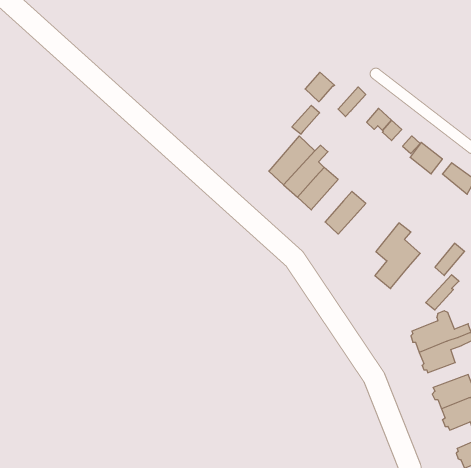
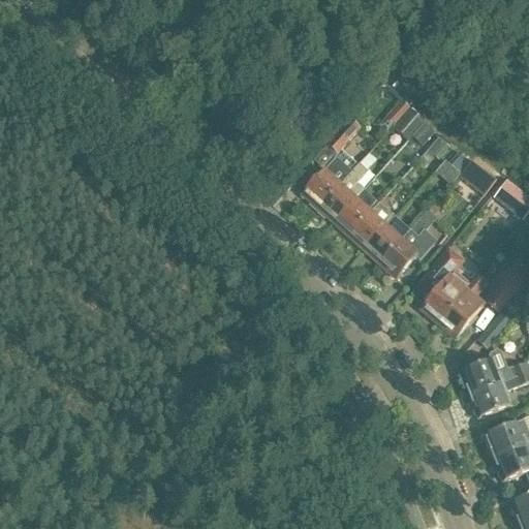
building: [305,72,335,102] -> [394,105,427,138]
building: none -> [349,200,395,248]
building: none -> [379,208,436,277]
building: none -> [438,274,489,338]

